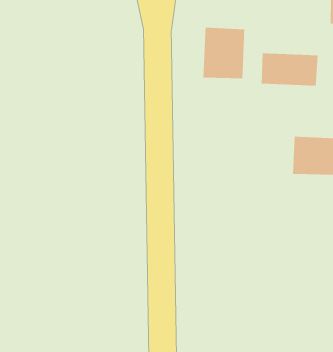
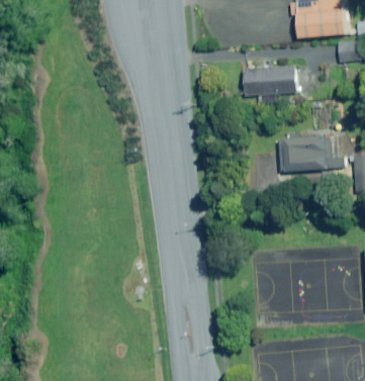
building: [203,27,245,79] -> none

